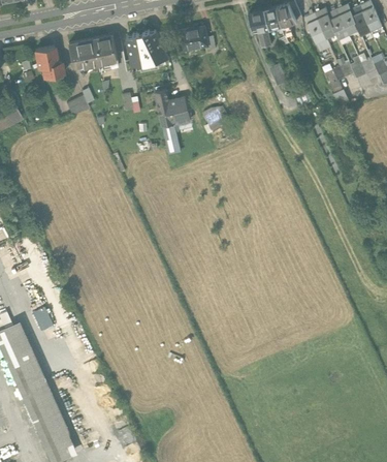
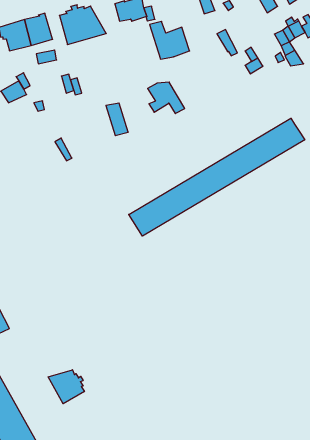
building: [155,91,190,126] -> [150,21,190,59]
building: none -> [129,118,305,236]
building: none -> [48,370,84,404]

